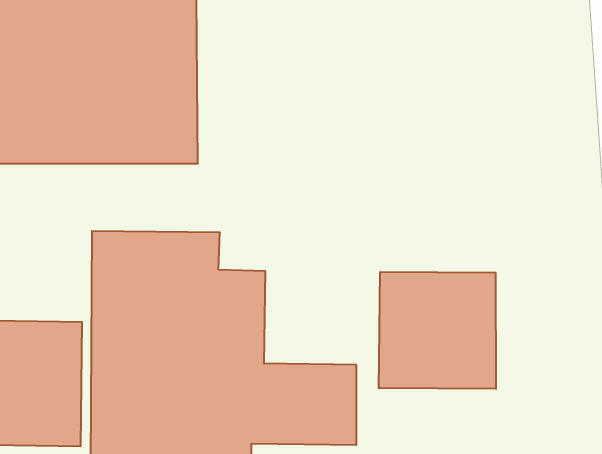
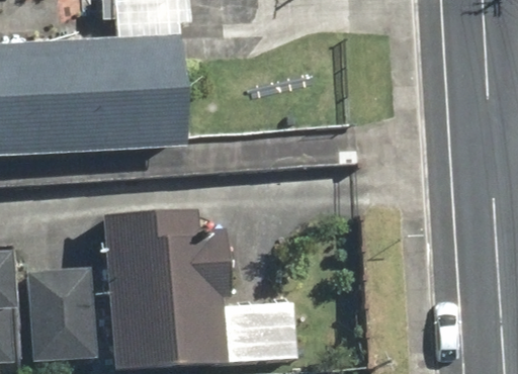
building: [379,272,496,389] -> none

